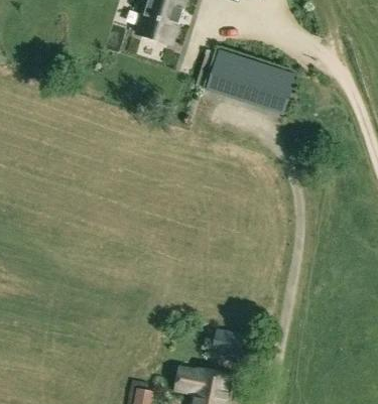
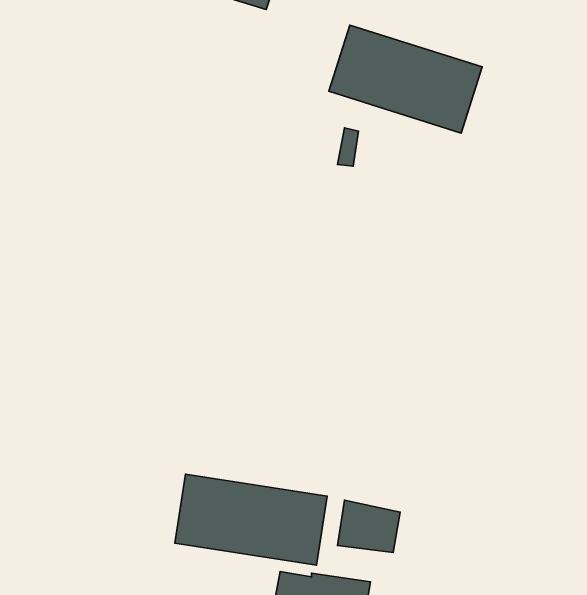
building: none -> [175,474,327,565]

